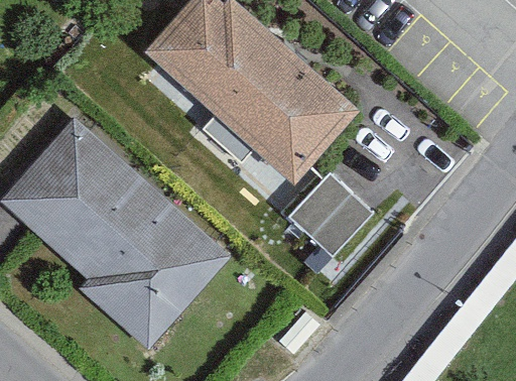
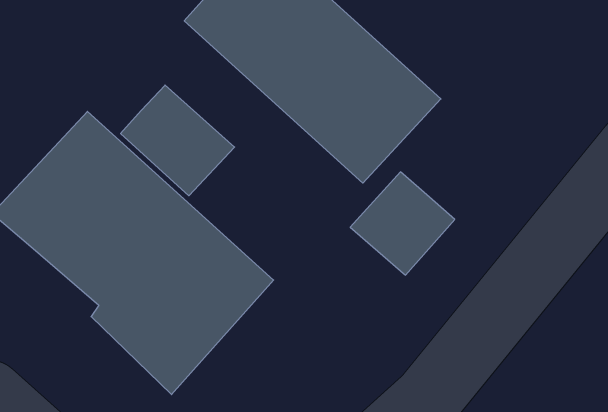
building: none -> [121,85,235,196]

